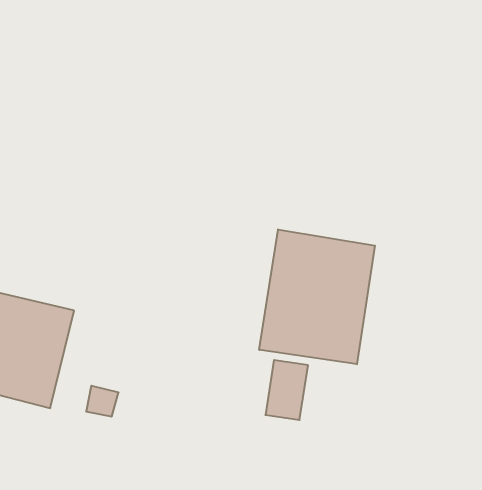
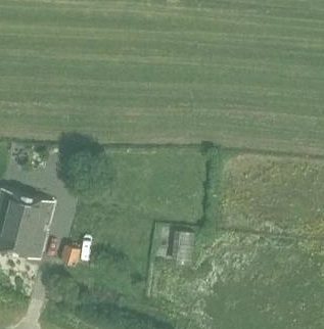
building: [259,229,375,364] -> none

